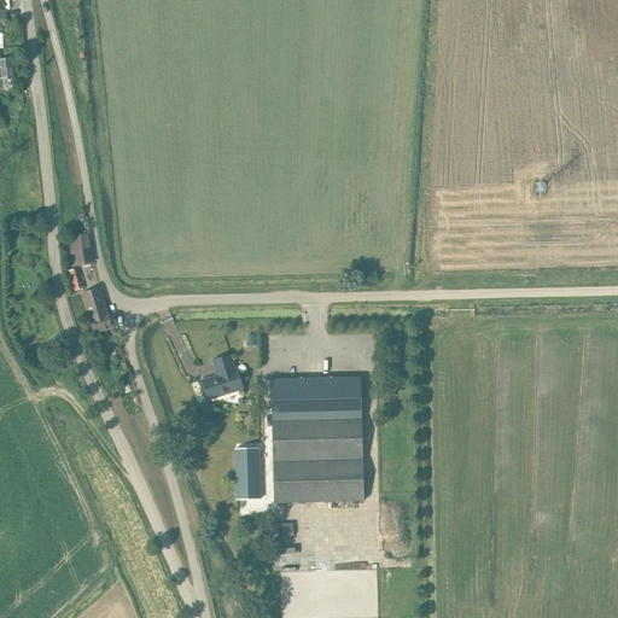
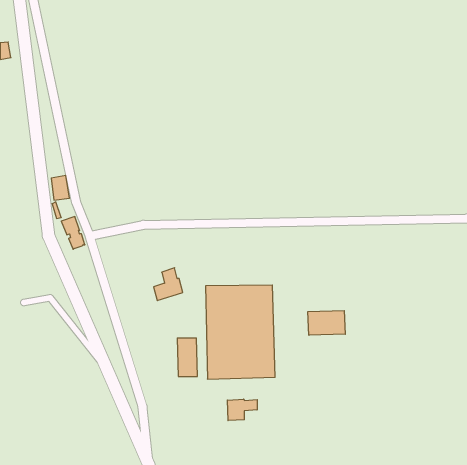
building: none -> [308,311,345,335]
building: none -> [227,399,257,421]

